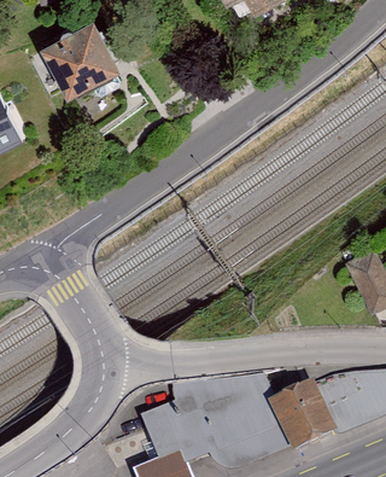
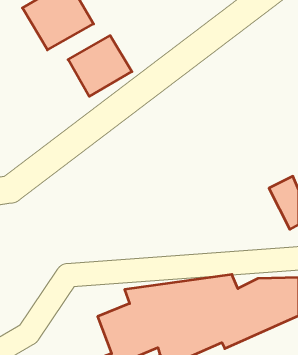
building: none -> [68,36,132,96]

